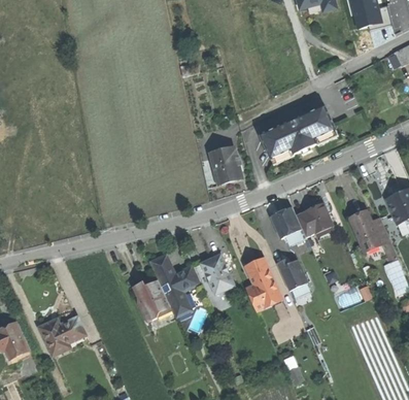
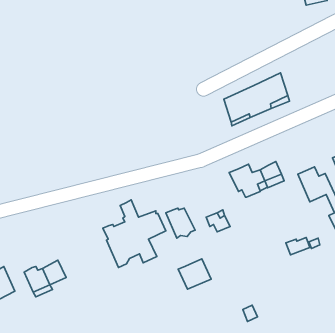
building: [210,146,240,181] -> none
building: [276,259,307,290] -> none
building: [245,276,282,310] -> [178,259,211,289]

